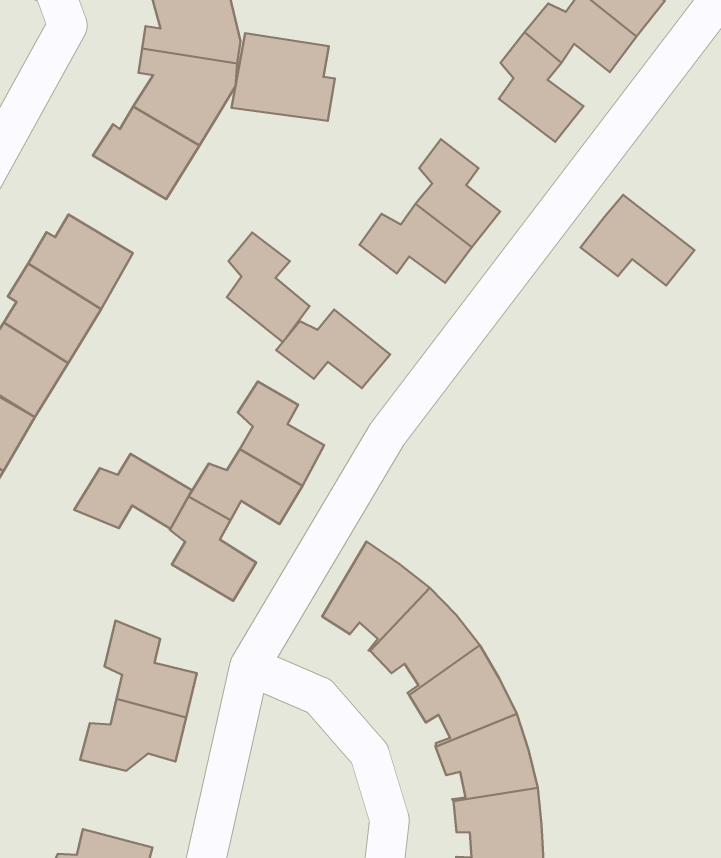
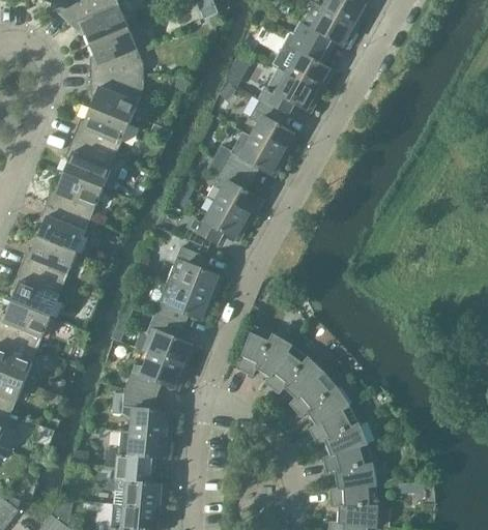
building: [232,33,335,121] -> none
building: none -> [63,138,115,187]
building: [580,195,695,286] -> [259,67,321,113]
building: [227,232,309,342] -> [213,164,261,220]
building: [74,454,192,529] -> [123,353,185,394]
building: none -> [115,467,166,508]

